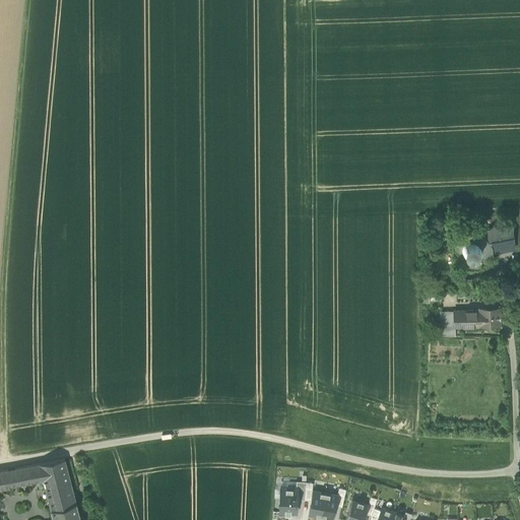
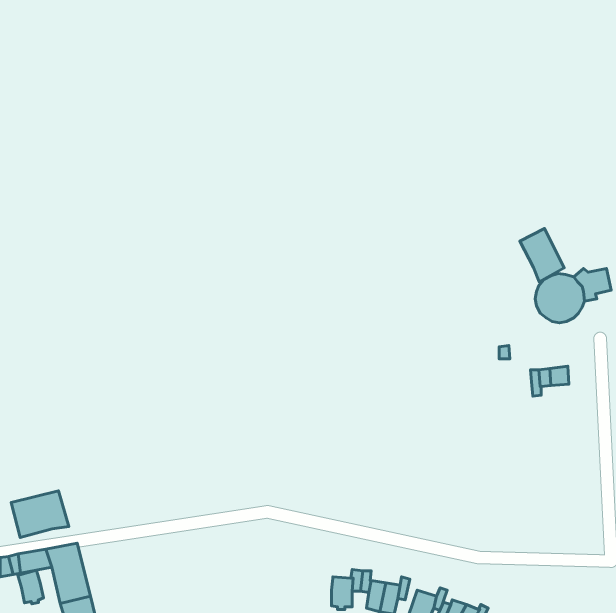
building: none -> [520,229,564,282]
building: [478,307,502,326] -> none
building: none -> [11,491,69,538]
building: none -> [18,570,43,604]

